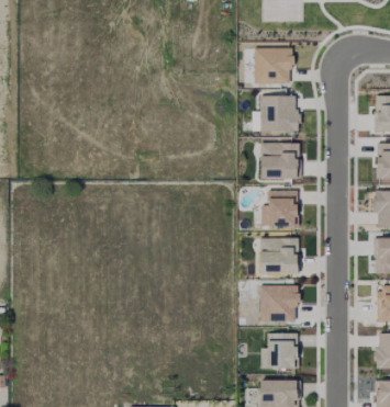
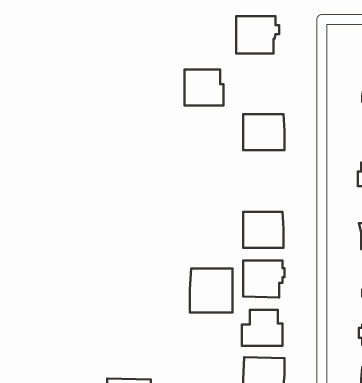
building: [260,95,299,131] -> [184,70,224,106]
building: [261,190,300,225] -> none
building: none -> [190,268,233,312]

